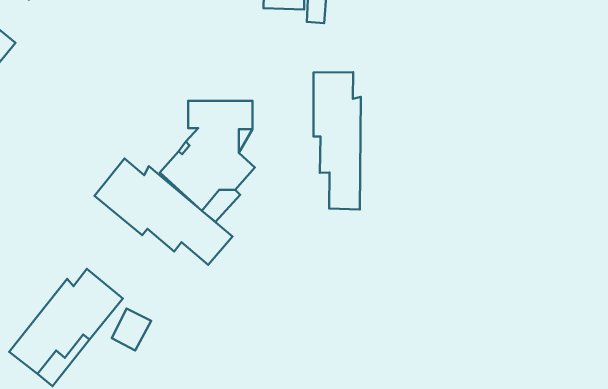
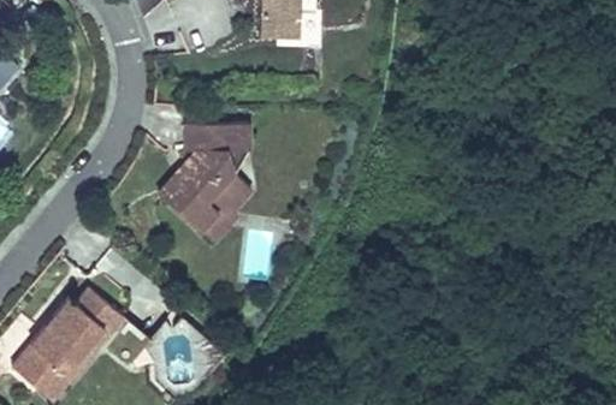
building: [314,72,361,210] -> none
building: [94,159,233,265] -> none

